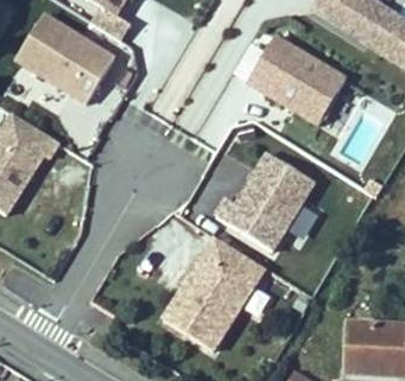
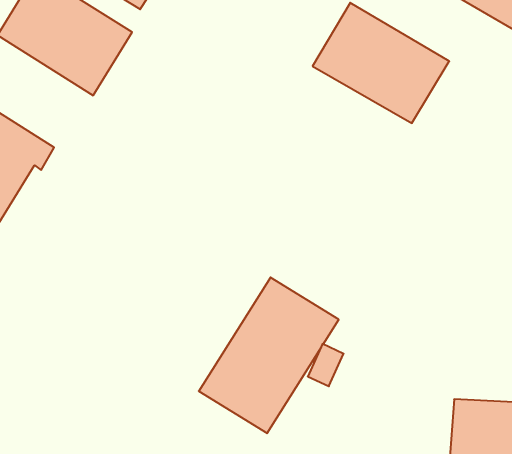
building: [215,153,315,250] -> none

